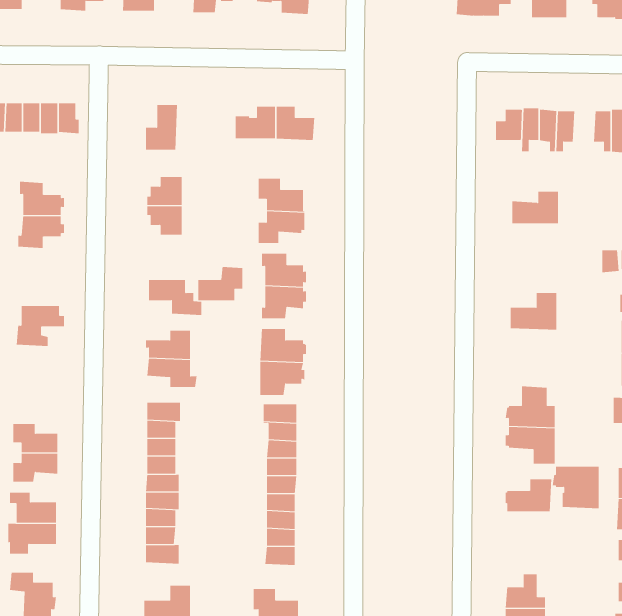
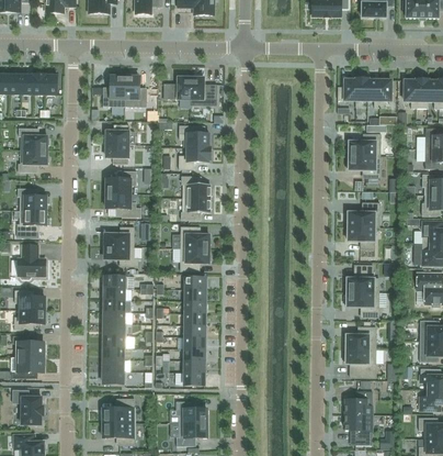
building: none -> [124,76,147,107]
building: none -> [347,156,380,178]
building: [197,266,243,301] -> [105,170,136,193]
building: none -> [18,188,49,211]
building: none -> [348,226,379,249]
building: none -> [18,245,45,279]
building: [552,466,599,509] -> [343,349,375,378]

